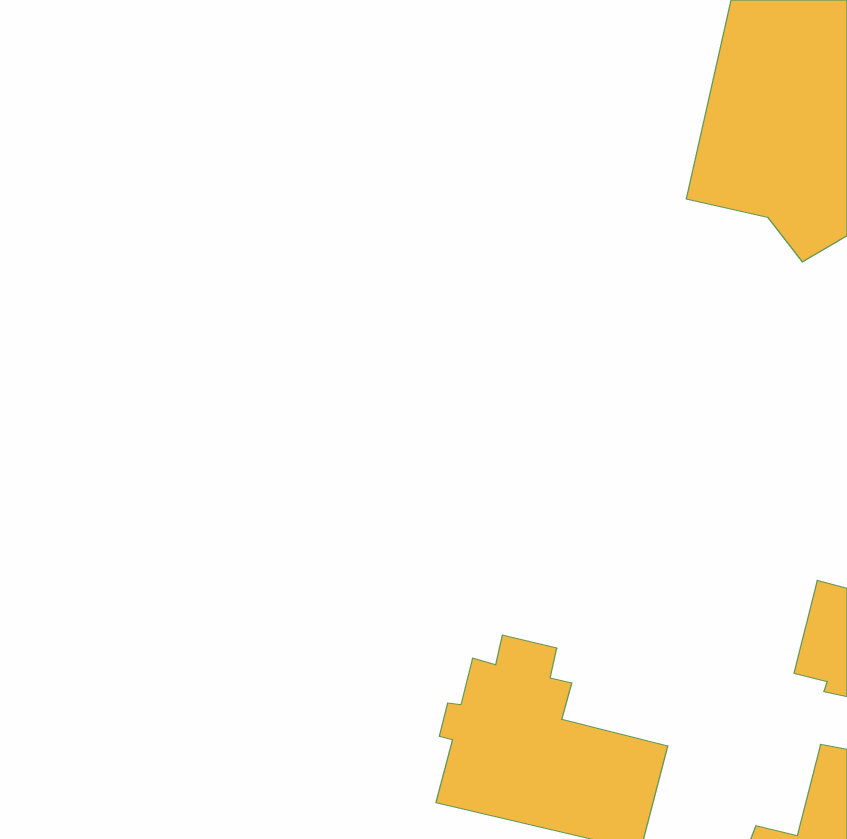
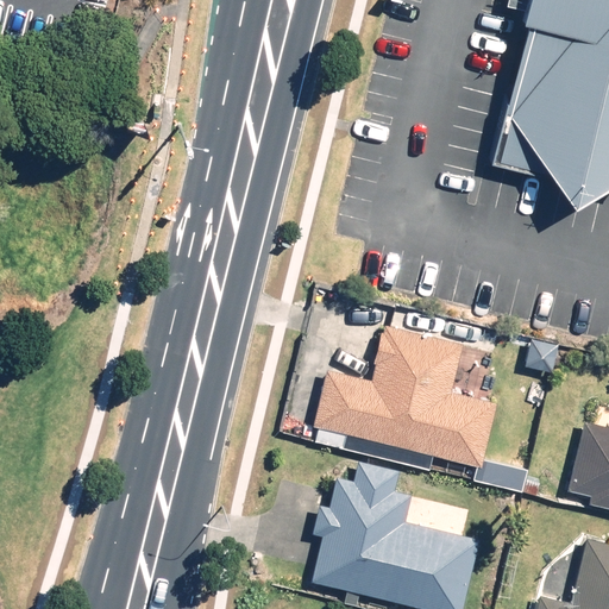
building: none -> [315,327,496,465]

